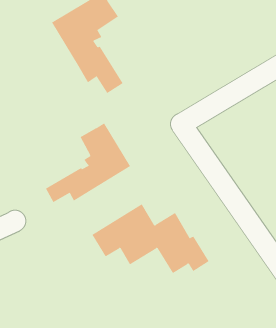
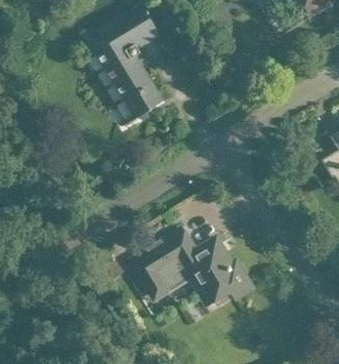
building: [45,122,131,203] -> none

